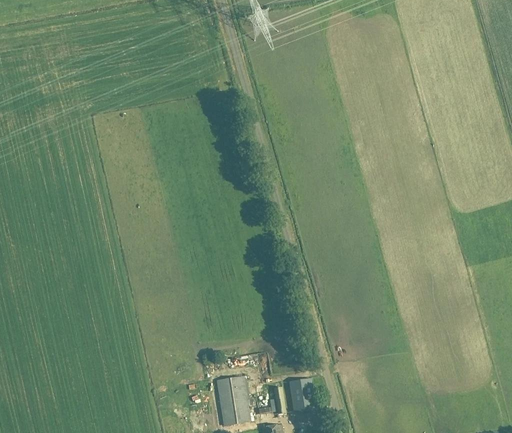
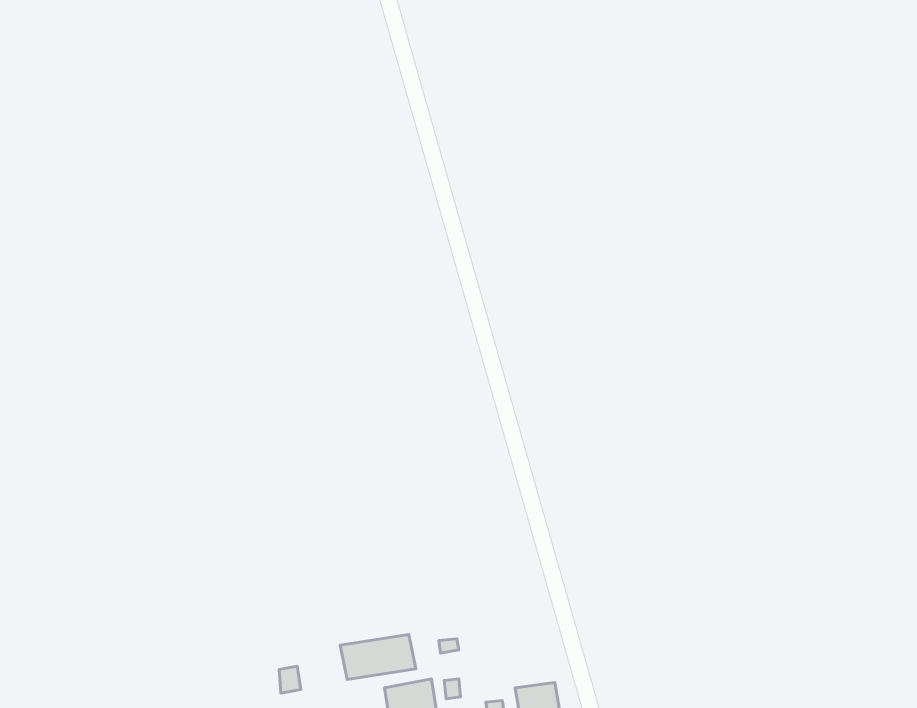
building: none -> [340,635,416,680]

